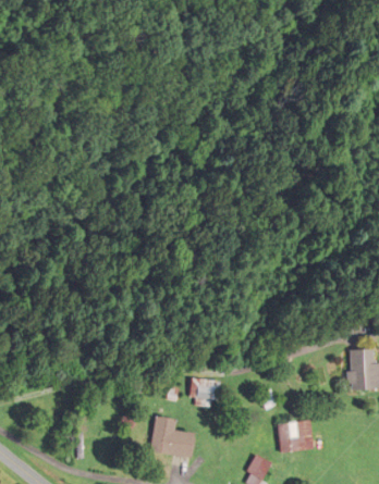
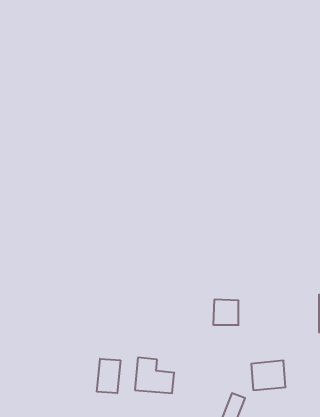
building: [191,378,218,406] -> [213,300,239,325]
building: none -> [97,359,120,393]

